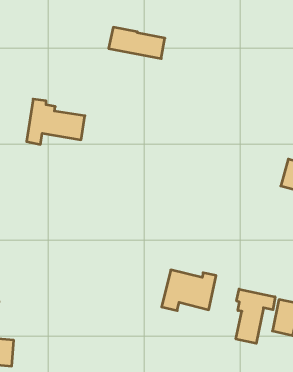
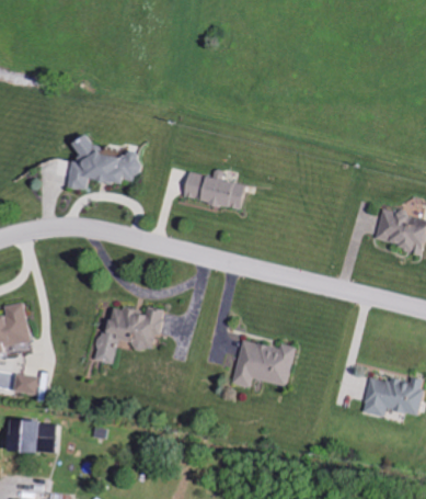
building: [109,27,165,59] -> [181,171,247,208]
building: none -> [89,304,161,364]
building: [236,289,275,343] -> none

